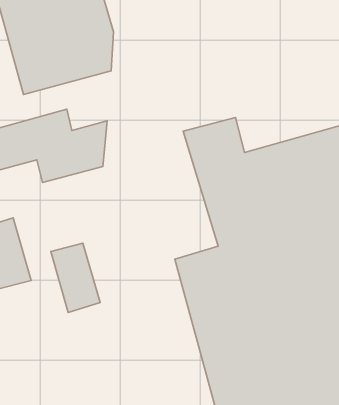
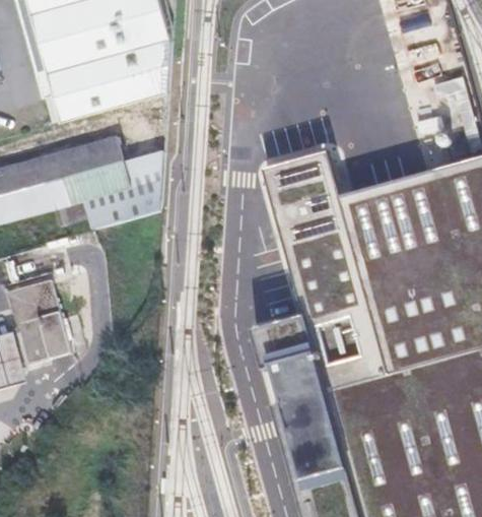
building: [51,243,100,312] -> none

